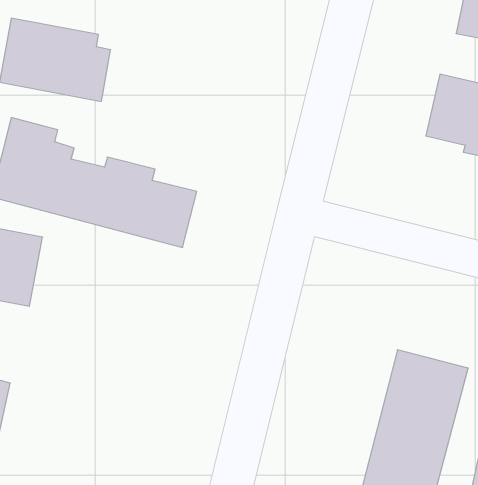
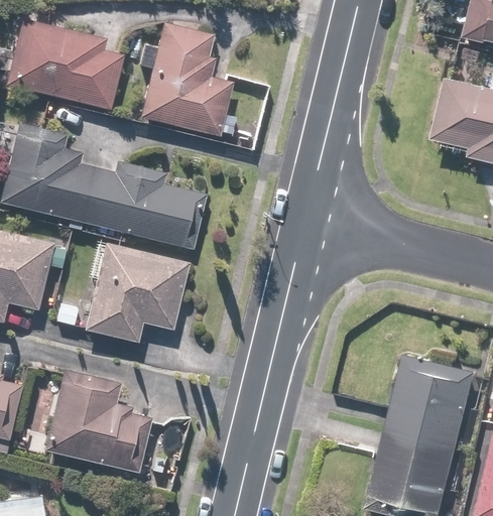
building: none -> [139,23,237,137]
building: none -> [86,244,187,342]
building: none -> [29,364,151,472]

